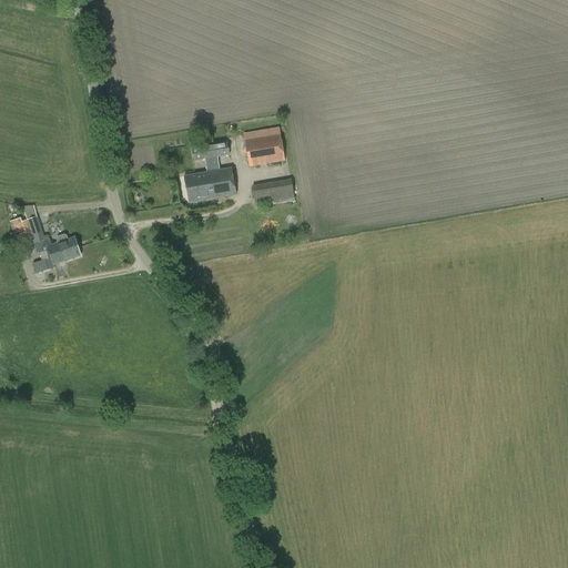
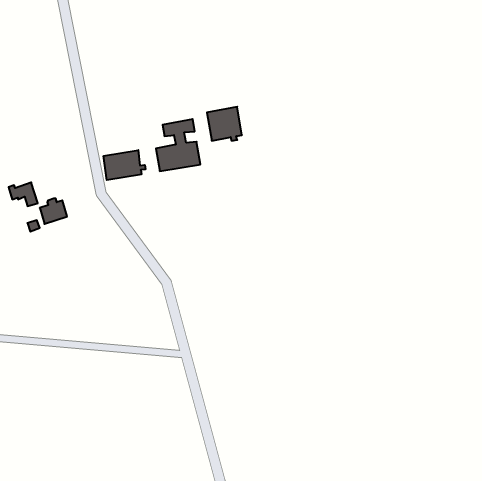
building: none -> [104,150,145,180]
building: [251,178,294,206] -> none

